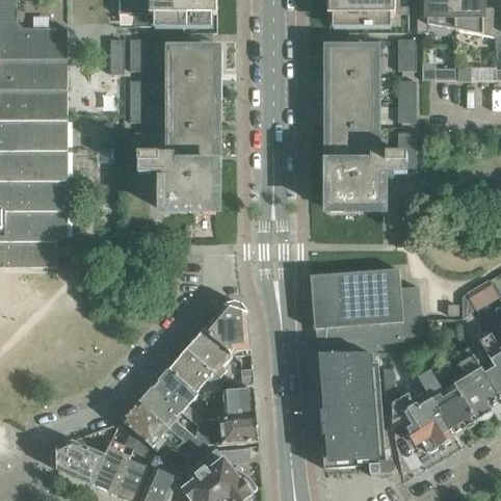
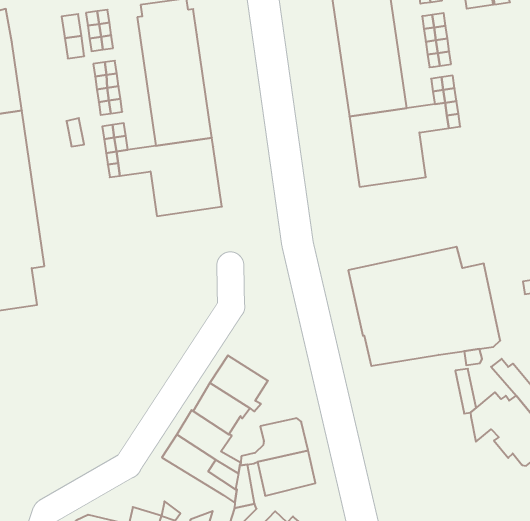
building: [203,299,251,353] -> none
building: [313,352,394,472] -> none
building: [122,402,183,447] -> none

